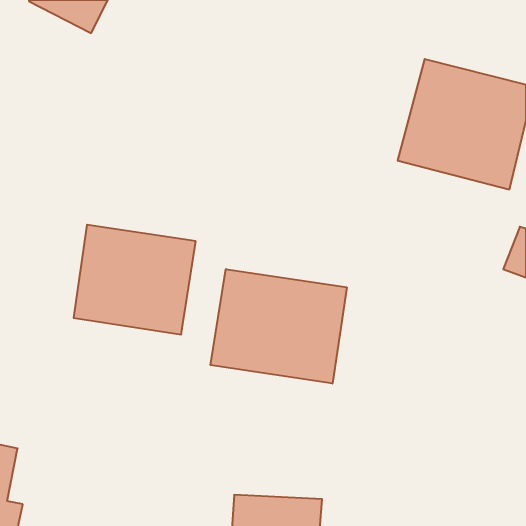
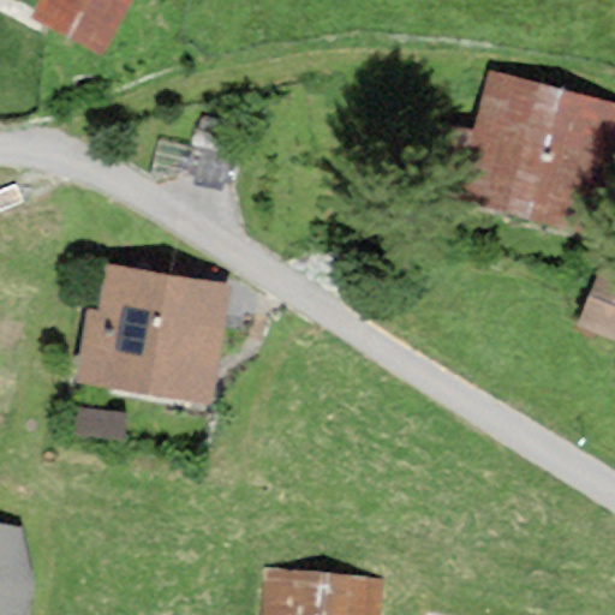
building: [210,269,347,384] -> none

